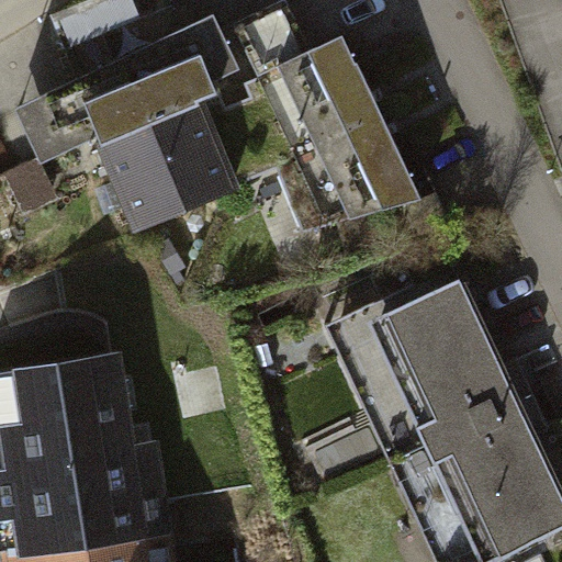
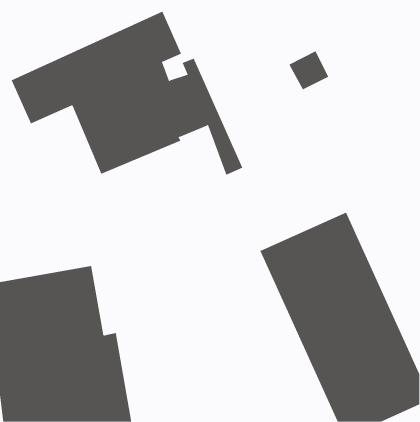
building: [276,34,423,220] -> none

